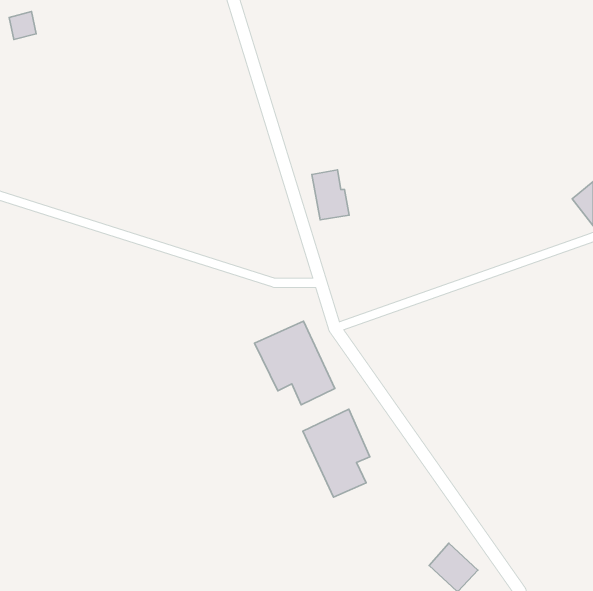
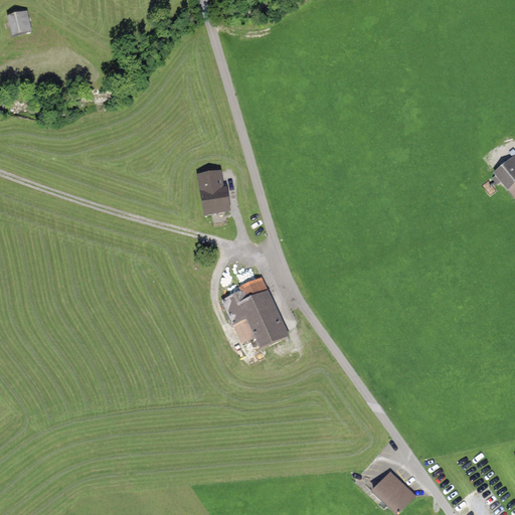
building: [312,170,349,220] -> [197,171,229,214]
building: [303,409,370,497] -> none

